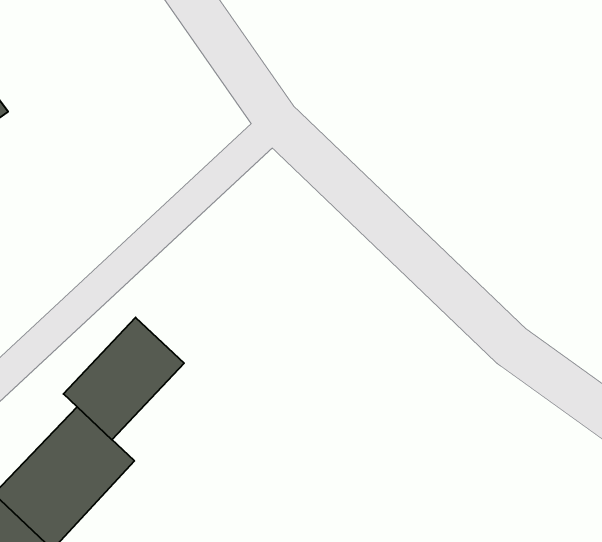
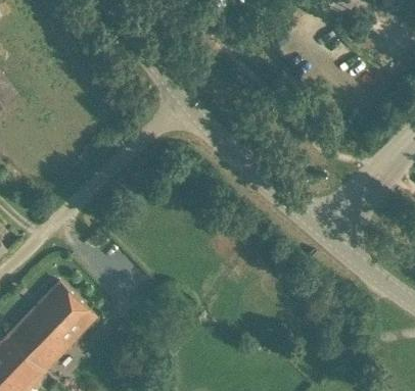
building: [63,317,184,440] -> none

